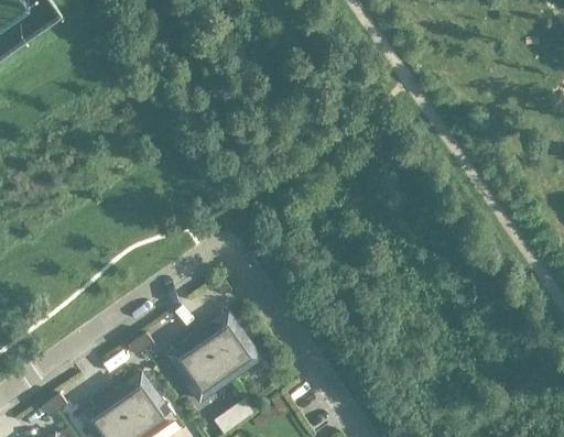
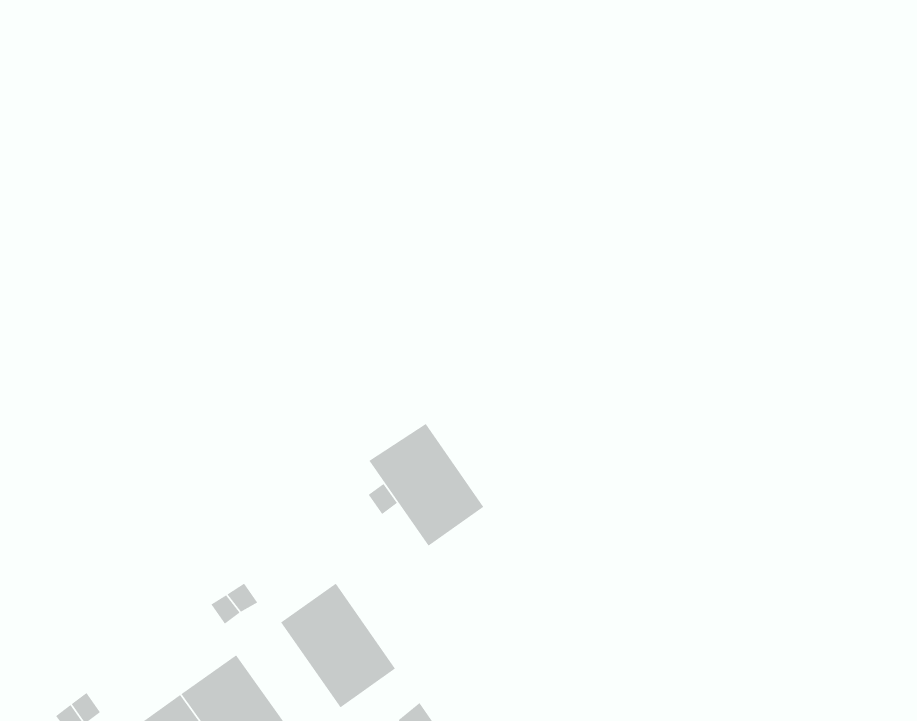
building: [198,314,262,382] -> [368,423,484,547]

